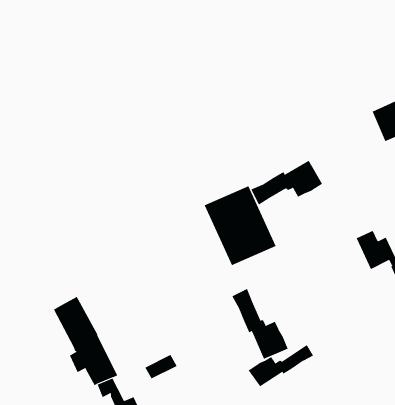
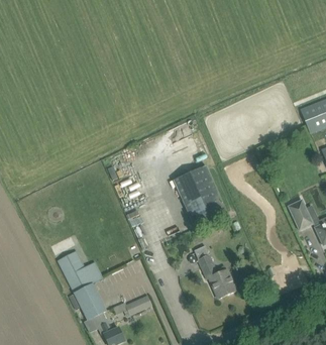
building: [251,160,323,206] -> none
building: [248,344,314,387] -> none

